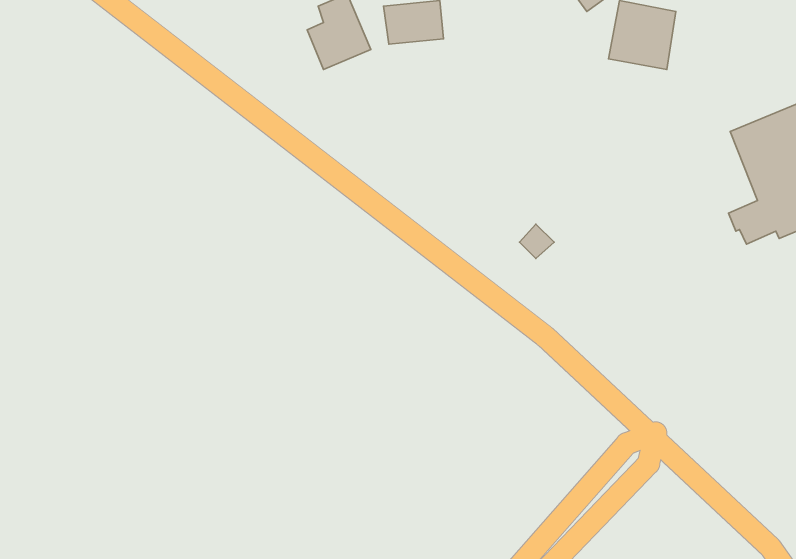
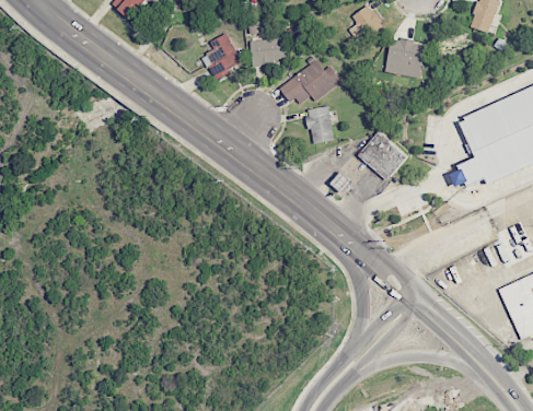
building: none -> [281,59,341,106]
building: none -> [306,105,335,144]
building: none -> [358,131,408,180]

